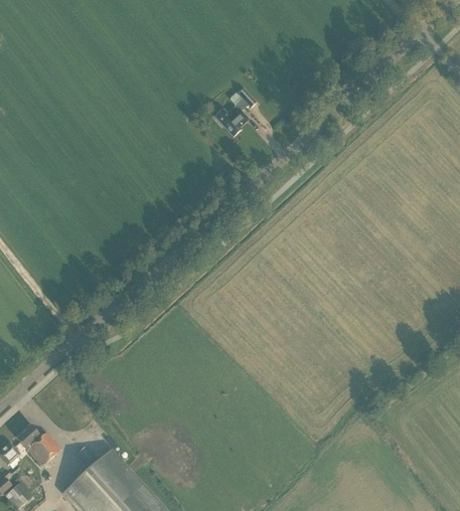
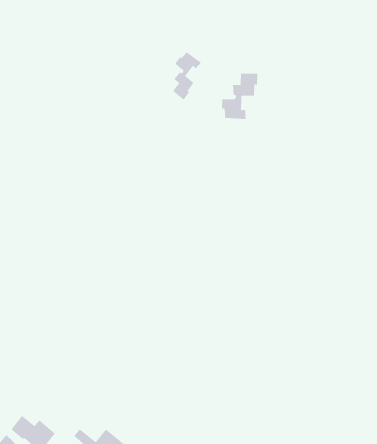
building: none -> [221,73,258,120]

